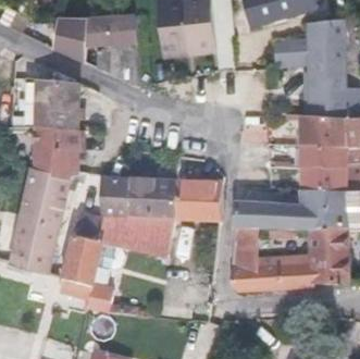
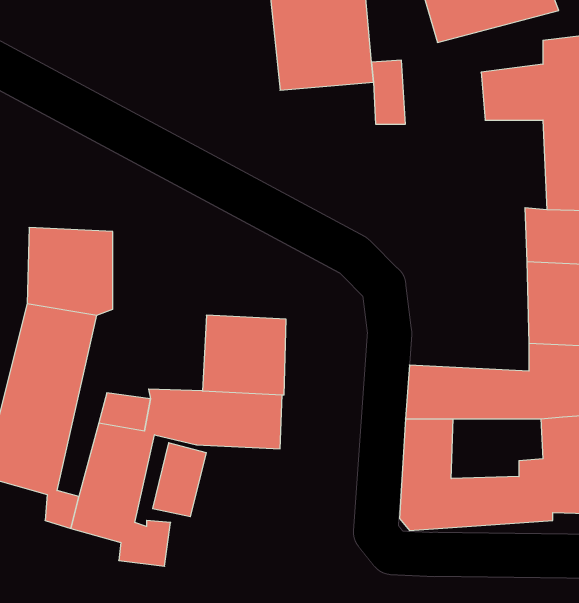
building: [57,20,139,86] -> none
building: [29,78,75,129] -> none
building: [95,174,126,216] -> none
building: [169,177,218,220] -> none

